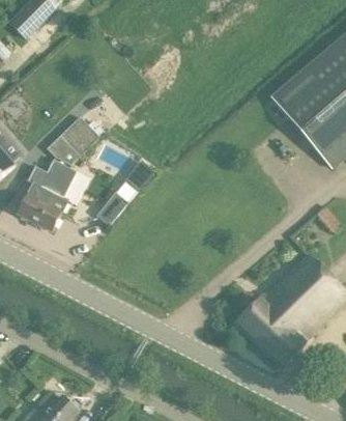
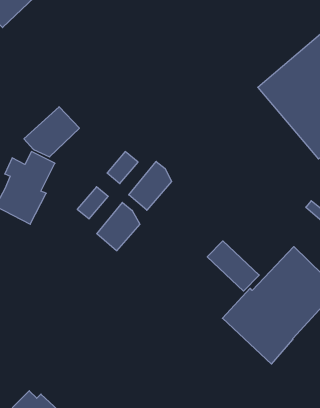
building: none -> [129,161,171,210]
building: none -> [97,202,140,251]
building: none -> [207,241,259,291]

